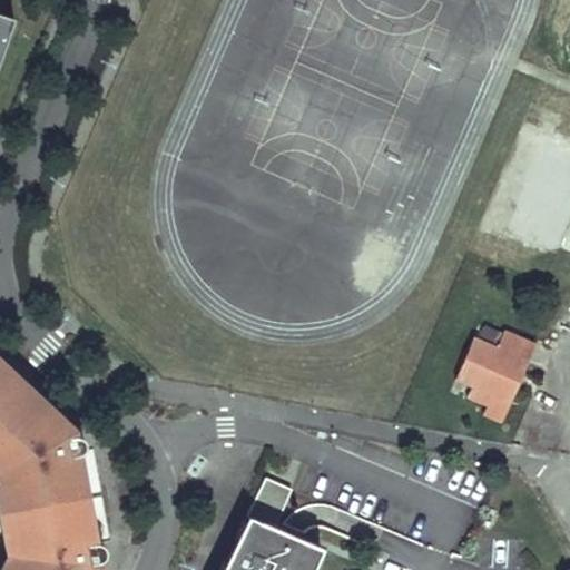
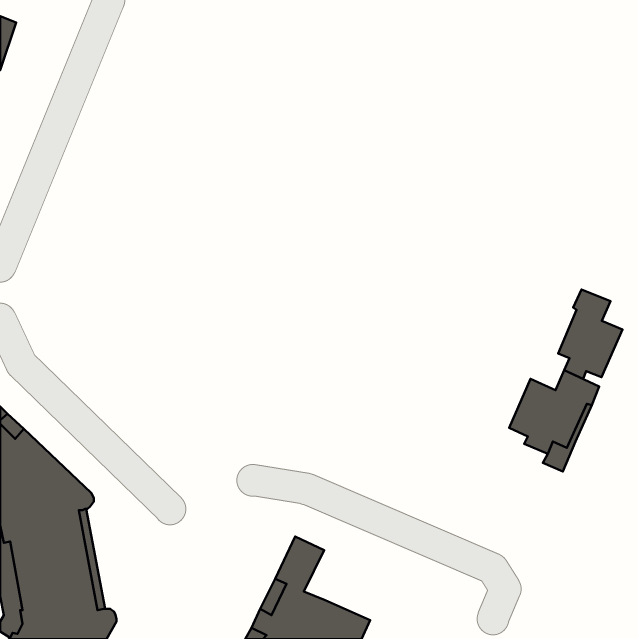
building: none -> [558,290,622,379]

